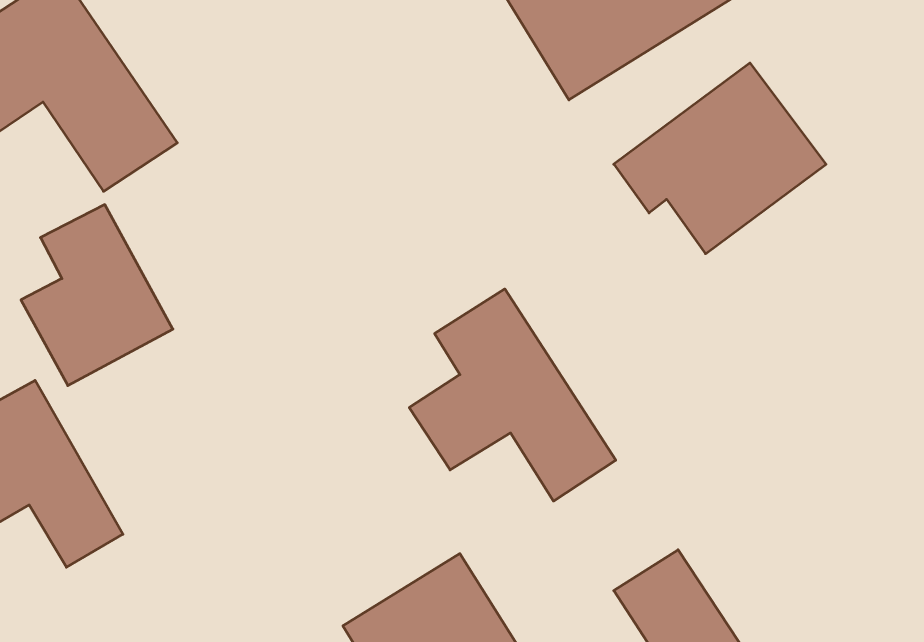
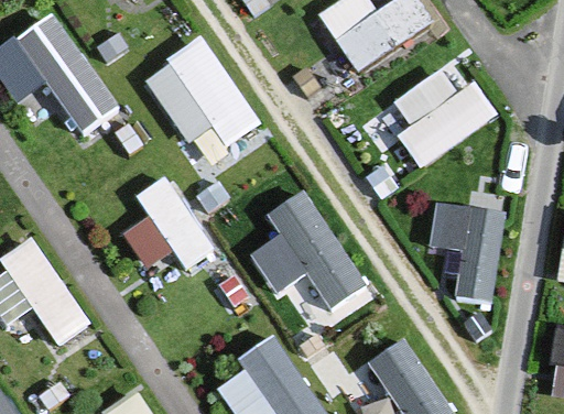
building: none -> [139,36,263,173]
building: [21,205,173,386] -> [121,175,207,277]
building: none -> [429,203,499,299]

